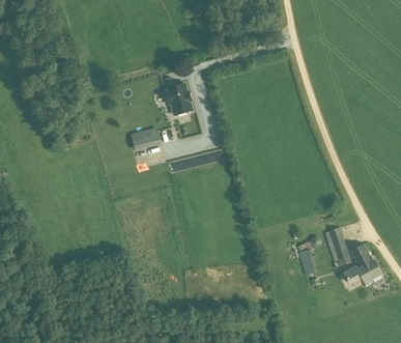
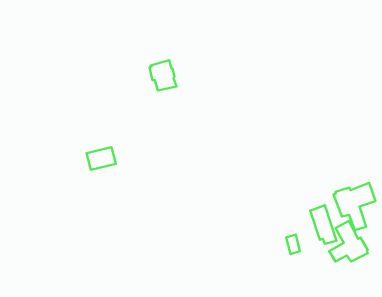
building: [131,126,160,149] -> [87,147,116,170]
building: none -> [334,183,376,230]

